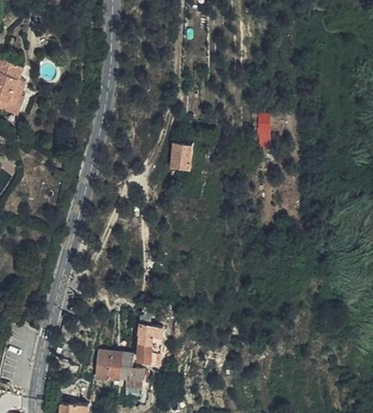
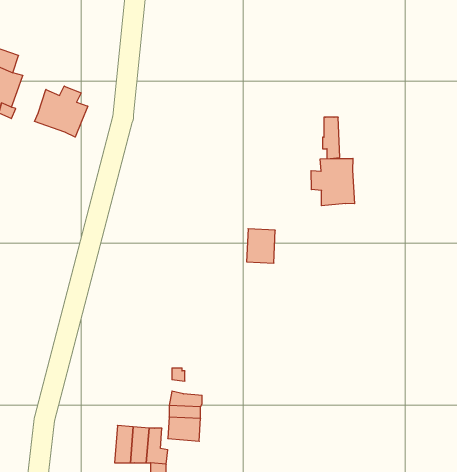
building: none -> [35,86,88,137]
building: [170,142,192,169] -> [247,229,275,263]
building: none -> [311,158,355,206]

